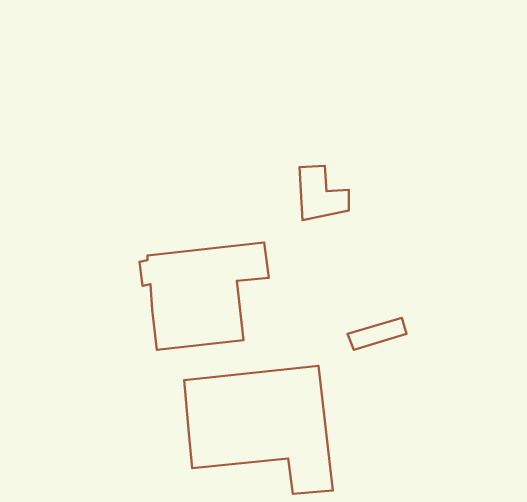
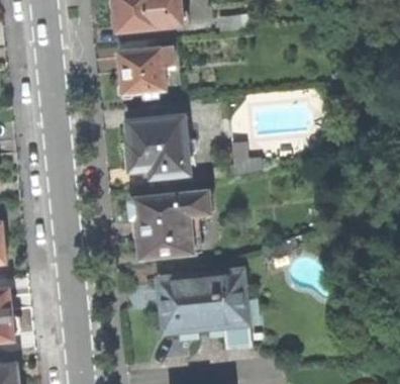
building: none -> [117,45,174,98]
building: none -> [122,115,189,177]

